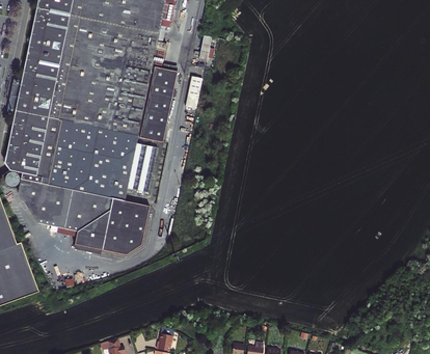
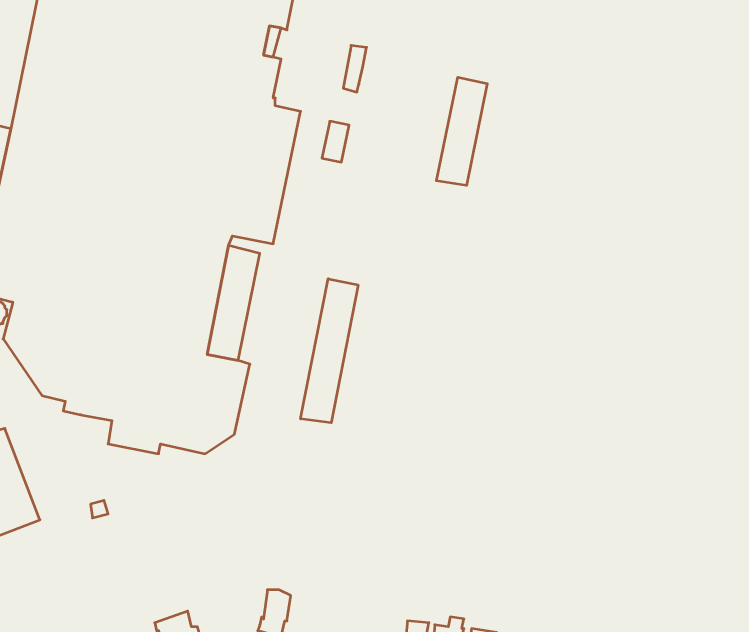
building: none -> [436,77,487,185]
building: none -> [301,279,358,423]

